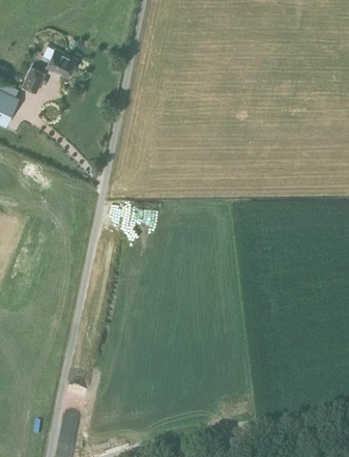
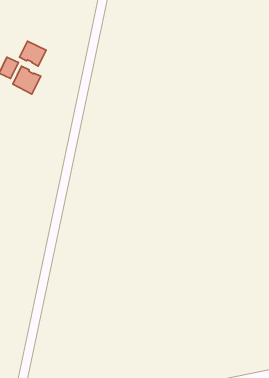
building: none -> [13,66,41,94]

